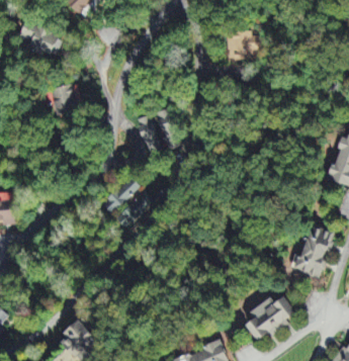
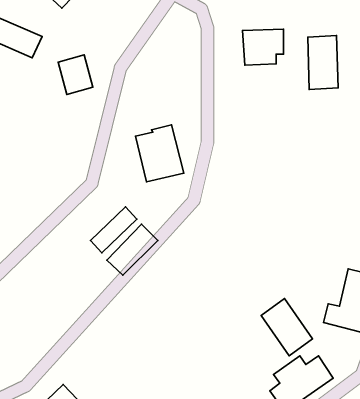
building: none -> [308,36,338,90]
building: [48,83,76,115] -> [58,55,93,95]
building: none -> [261,299,312,356]

